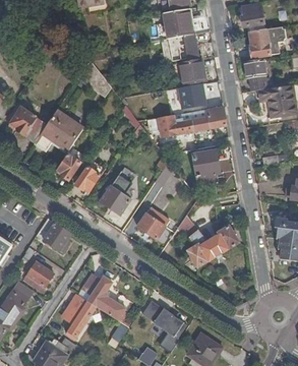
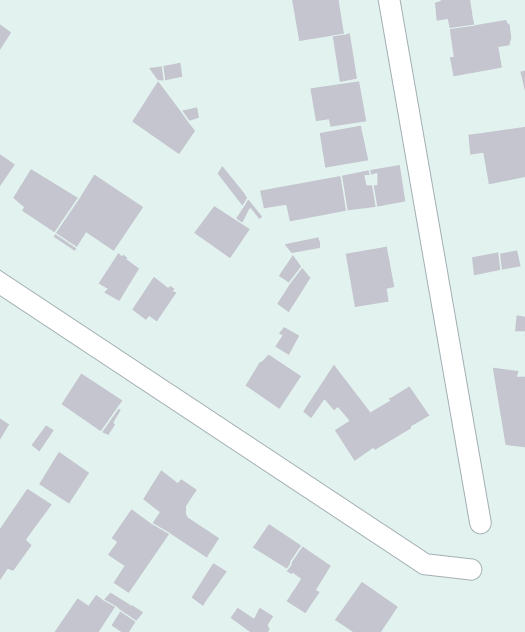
building: [243,58,266,90] -> none
building: [100,185,131,215] -> [193,205,251,259]

